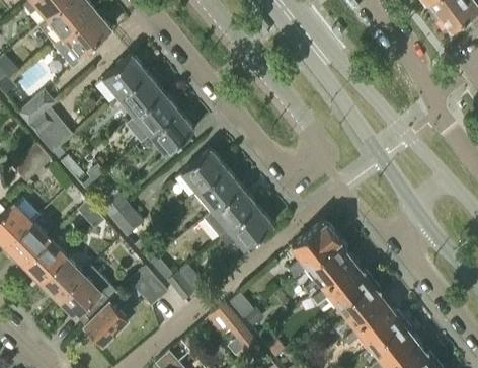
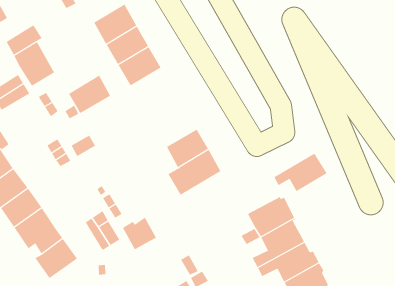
building: [151,113,194,155] -> [68,75,111,114]
building: [181,149,226,192] -> none
building: [109,203,144,237] -> none
building: [220,207,273,249] -> [274,153,328,192]

